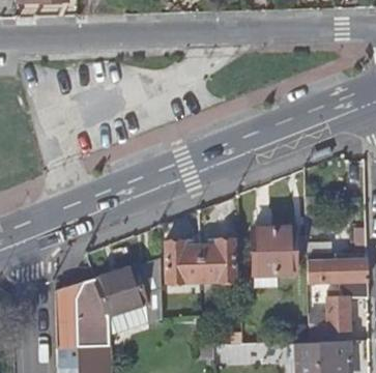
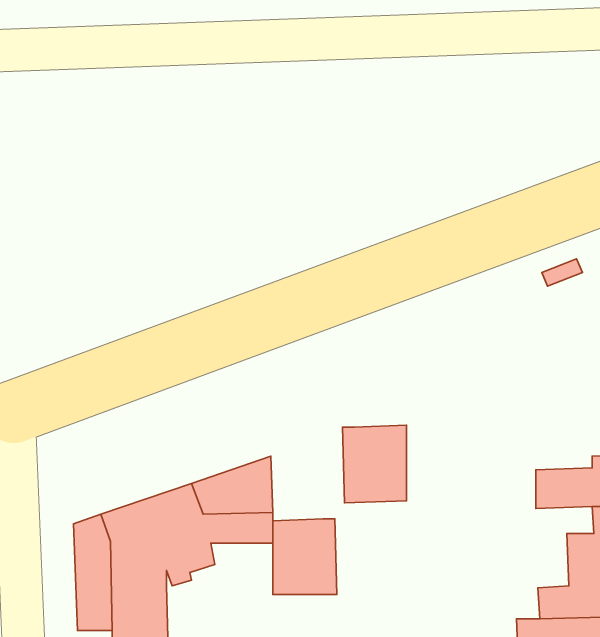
building: [249,229,293,276] -> none
building: [169,240,203,281] -> [273,519,337,594]

